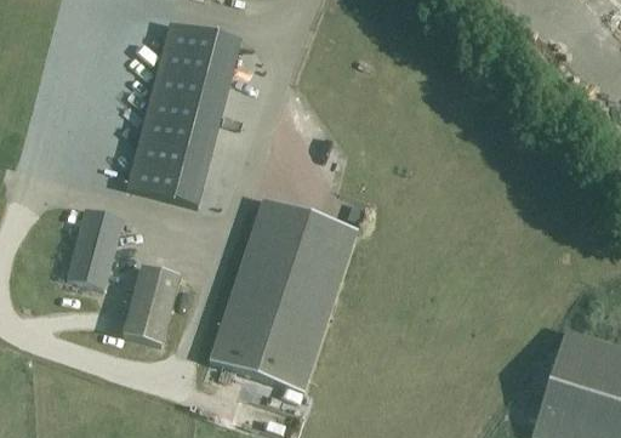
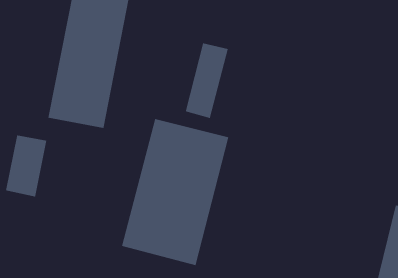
building: none -> [185,42,228,119]
building: [124,264,181,345] -> none

